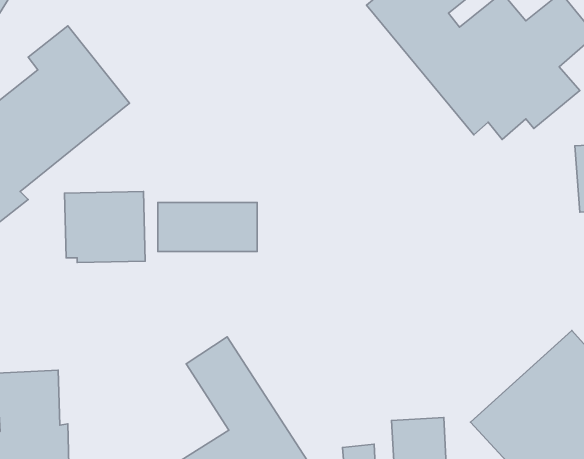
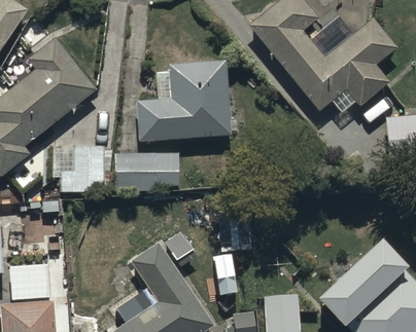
building: none -> [137,59,231,139]

